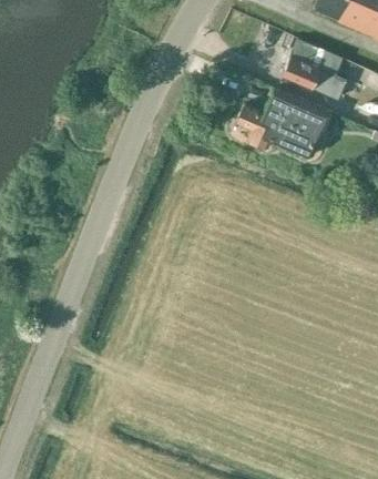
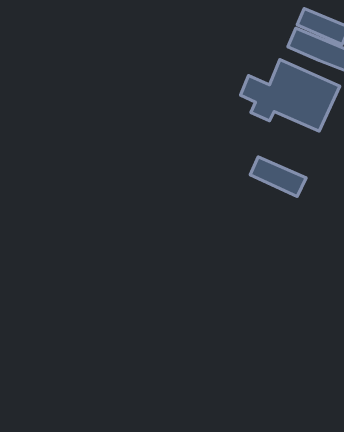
building: none -> [250,157,306,197]

